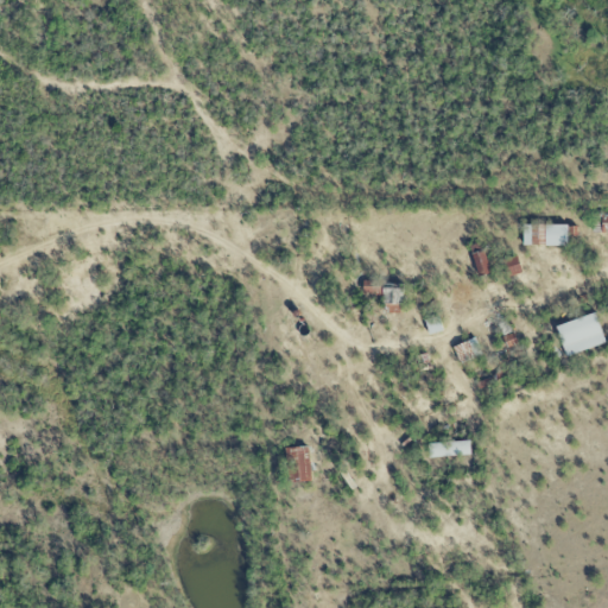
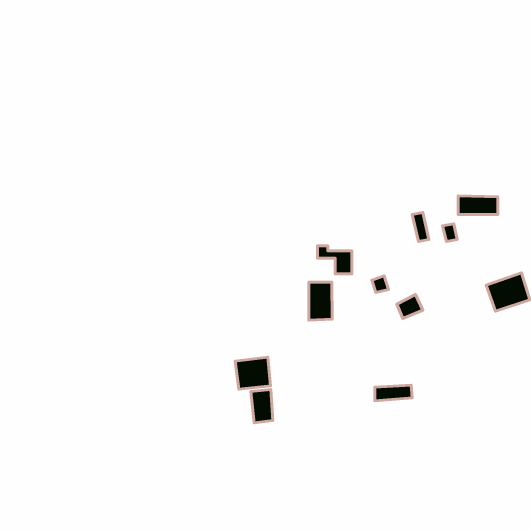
building: none -> [309,282,332,320]
building: none -> [235,357,271,389]

